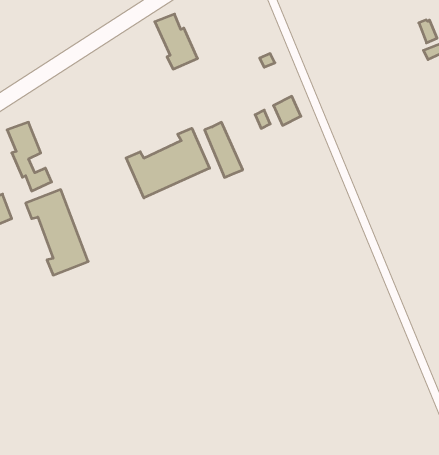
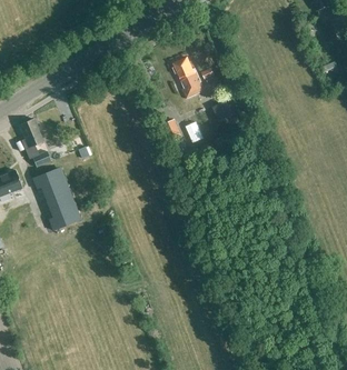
building: [155,14,198,69] -> [174,57,205,97]
building: [126,128,210,198] -> none

